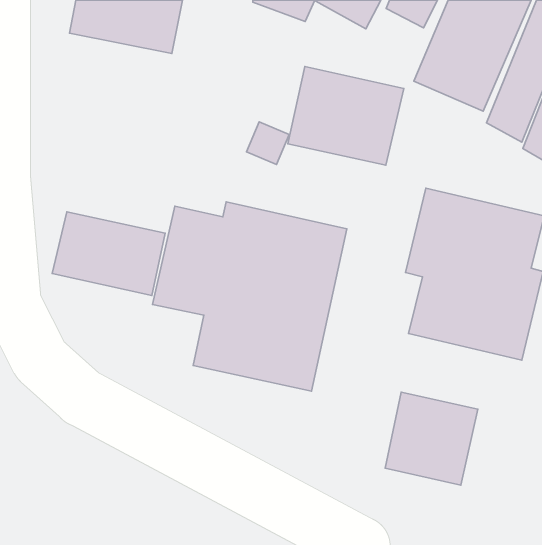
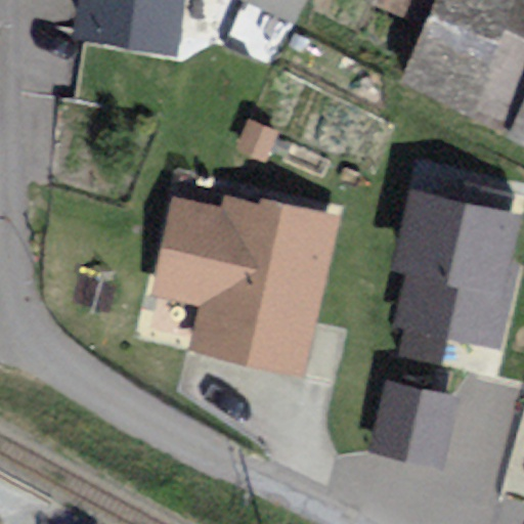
building: [288,67,404,165] -> none
building: [52,212,165,295] -> none

